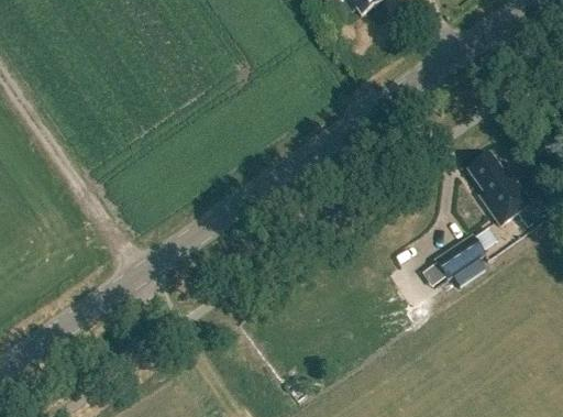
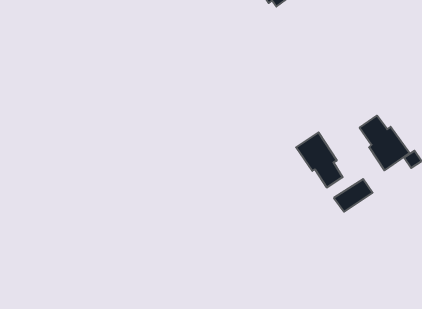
building: none -> [296,132,343,188]

